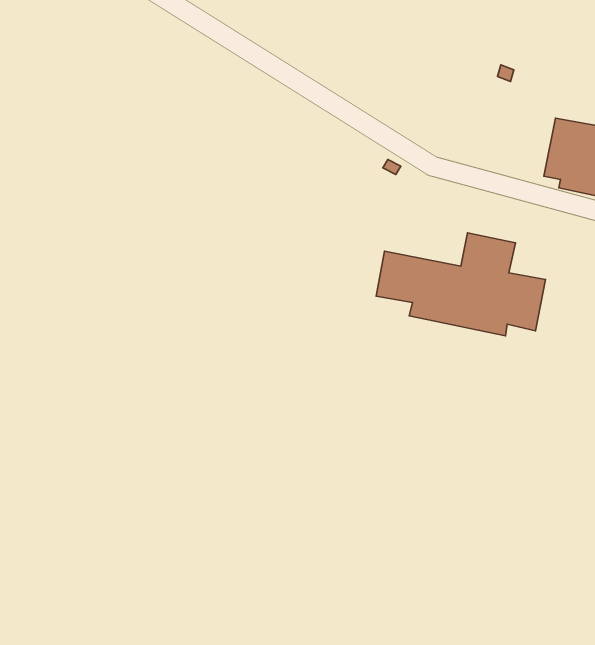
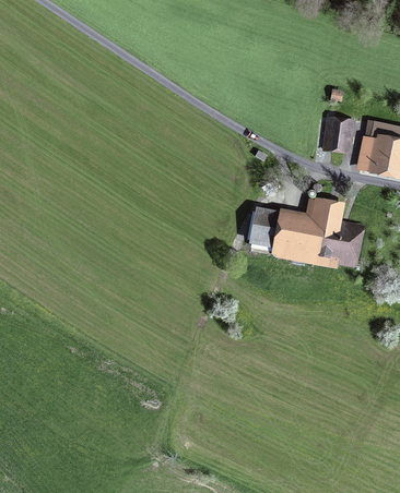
building: none -> [325,118,352,147]

